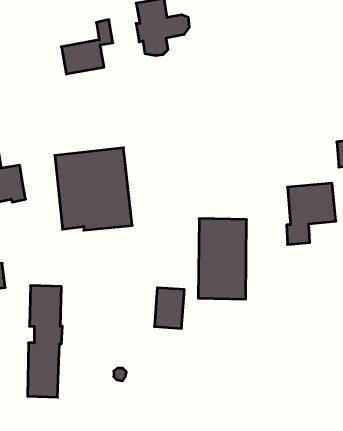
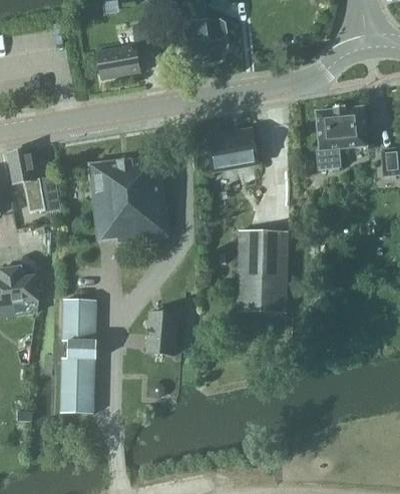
building: none -> [207,129,256,170]
building: [287,183,336,244] -> [315,107,366,170]
building: [154,288,184,328] -> [146,313,177,355]

